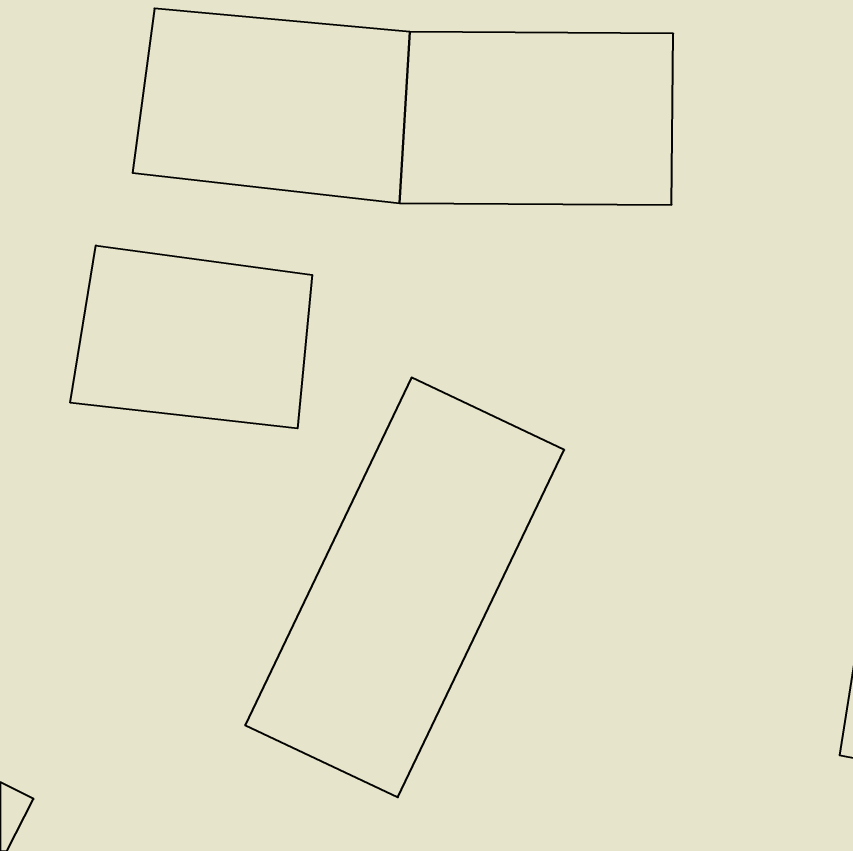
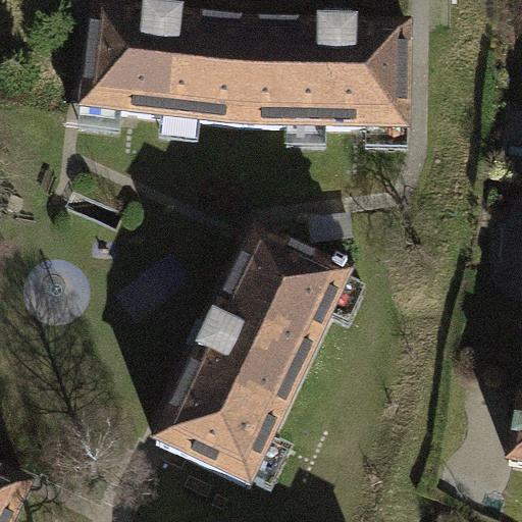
building: [70,245,312,428] -> none

